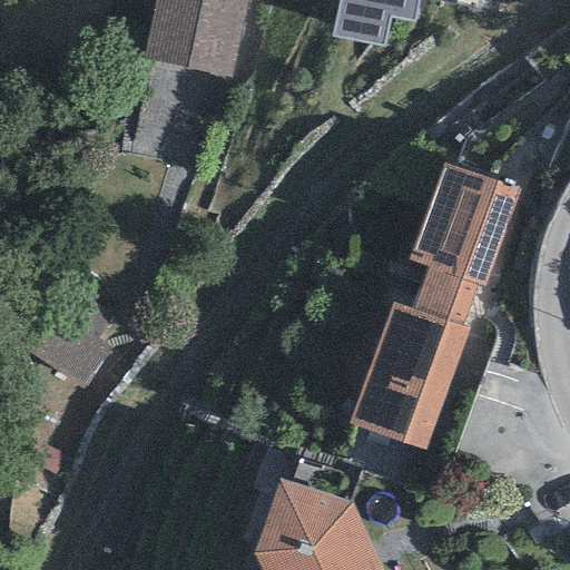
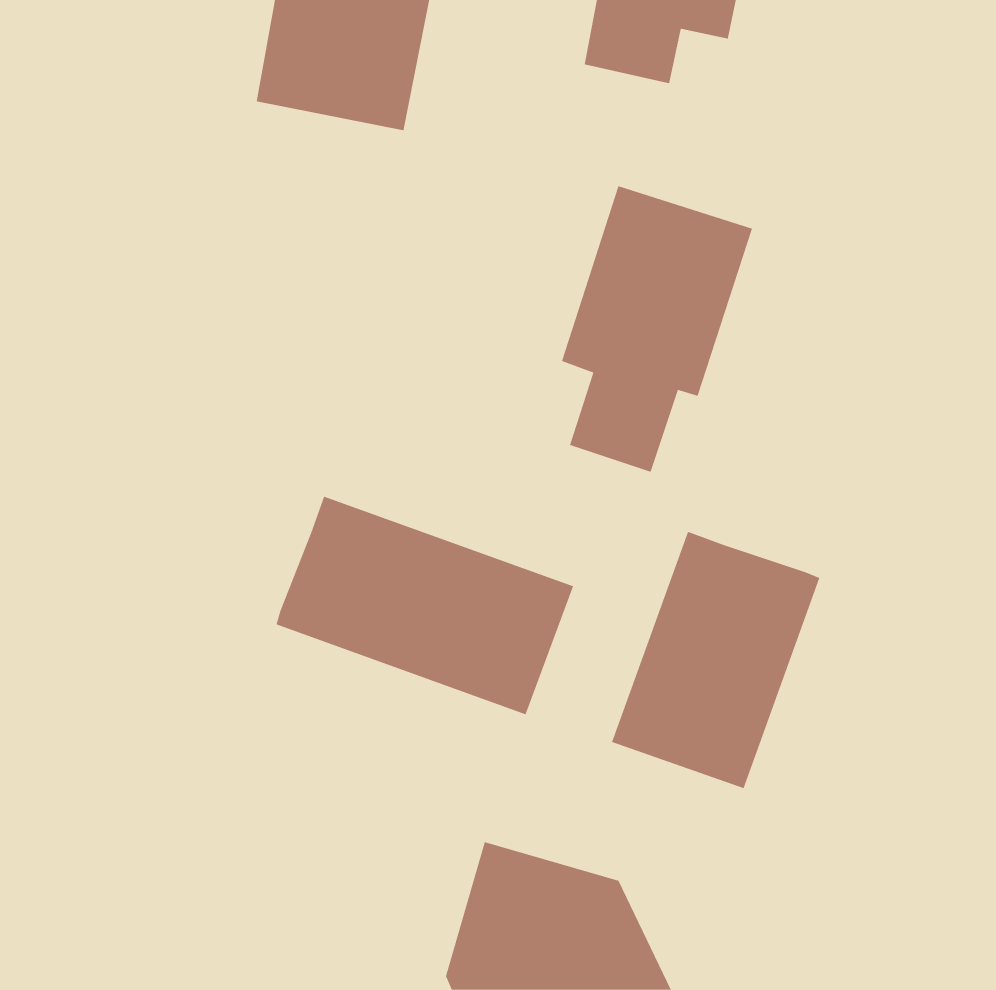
building: [410,163,519,326] -> [561,185,753,473]
building: none -> [276,496,574,715]

